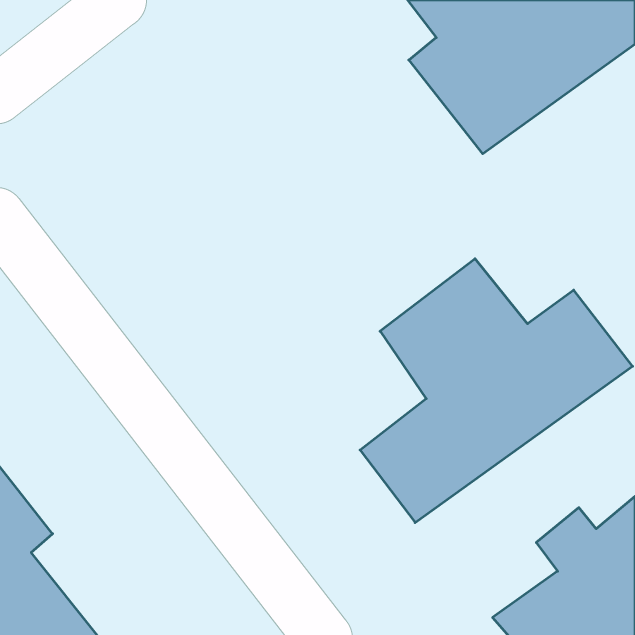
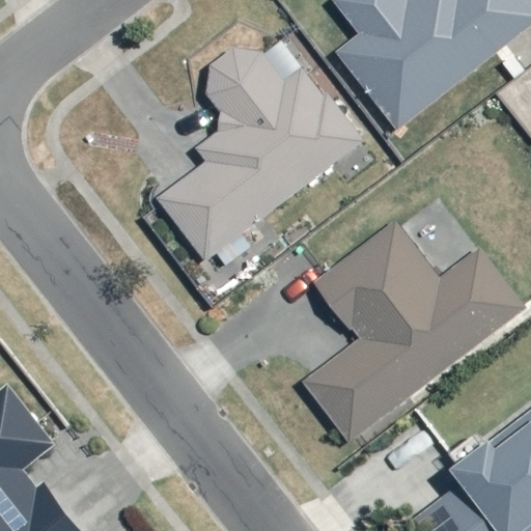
building: none -> [156,51,367,263]

